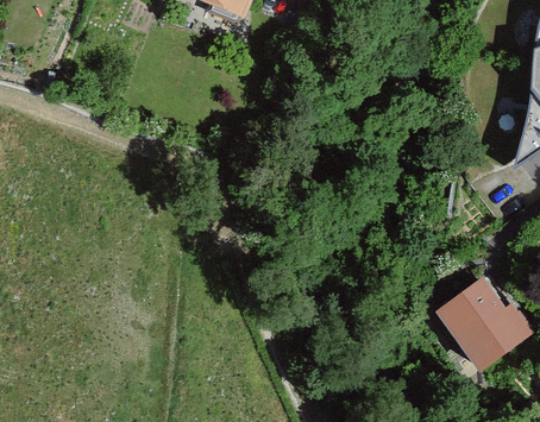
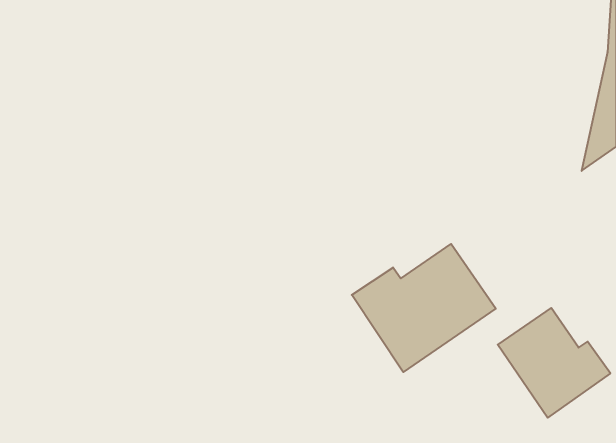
building: none -> [352,244,496,372]

